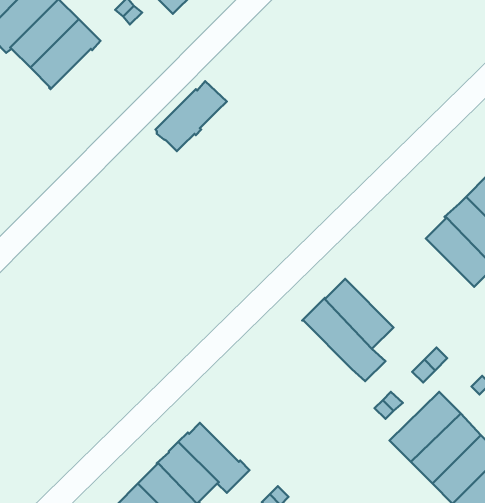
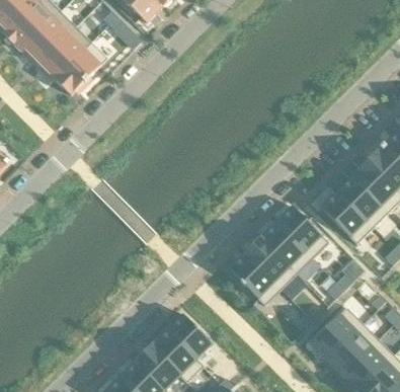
building: [155,81,227,151] -> [54,42,107,94]
building: none -> [320,190,373,243]
building: none -> [275,205,328,257]
building: none -> [228,252,281,305]
building: none -> [166,313,212,359]

